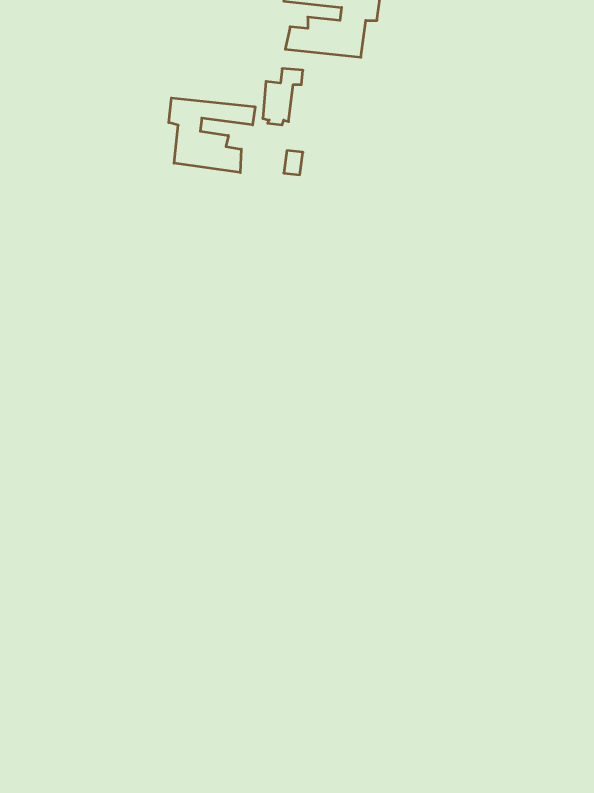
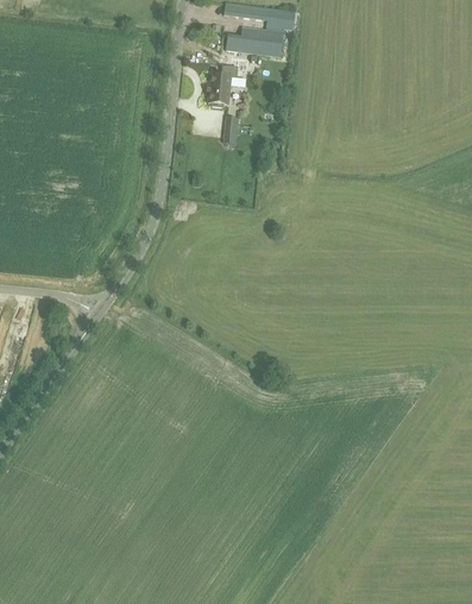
building: [169,98,255,173] -> none

